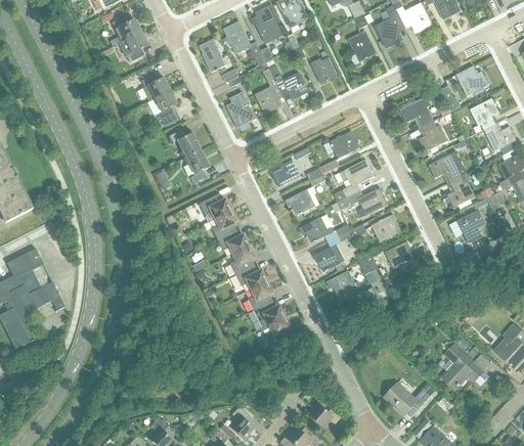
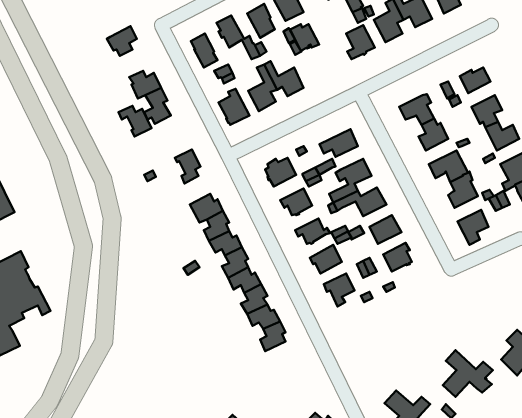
building: [111,15,140,42] -> none
building: [310,57,338,83] -> [290,24,319,51]
building: [168,129,200,159] -> [119,106,152,137]

